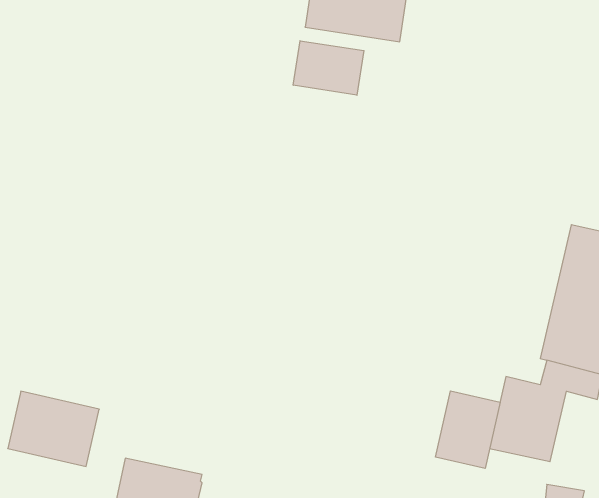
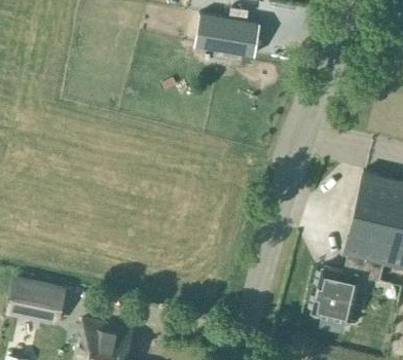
building: [293,41,364,95] -> none
building: [436,391,500,468] -> none

